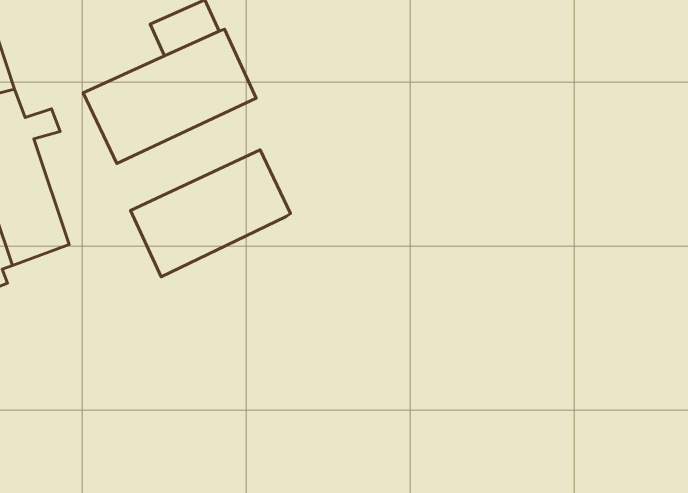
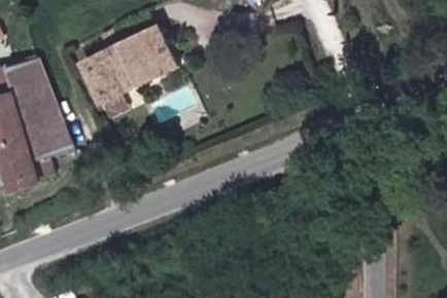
building: [131,150,291,277] -> none

